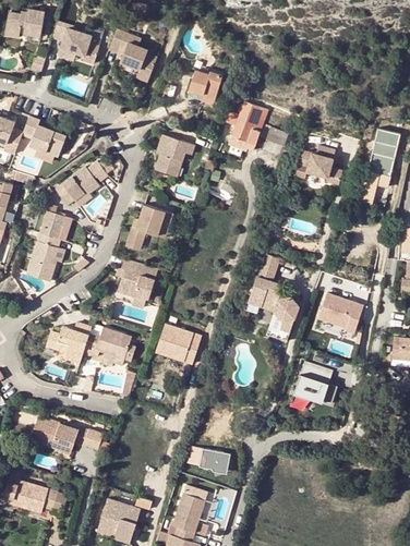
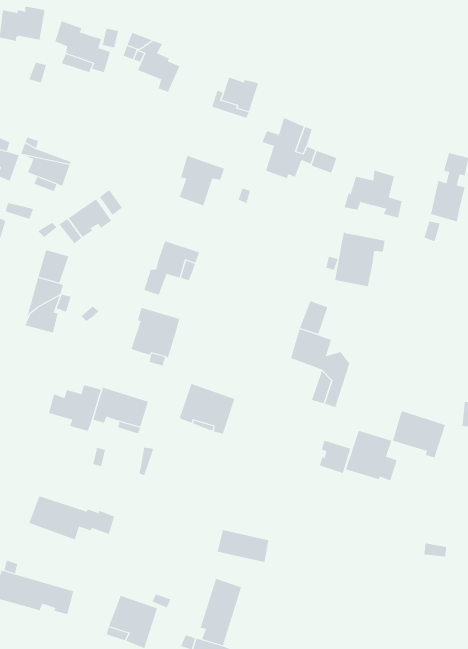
building: none -> [334,232,385,287]
building: [319,294,364,333] -> [392,411,446,458]
building: none -> [319,440,351,474]

